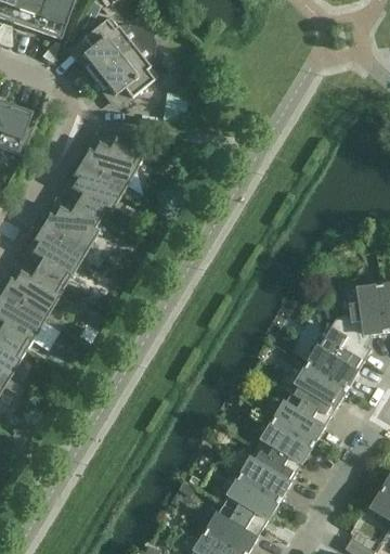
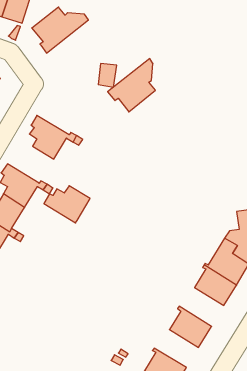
building: [92,34,156,105] -> [108,59,155,112]
building: [79,138,142,188] -> none
building: [40,203,102,253] -> [44,186,90,223]
building: [270,392,329,445] -> none
building: [236,449,296,500] -> none

